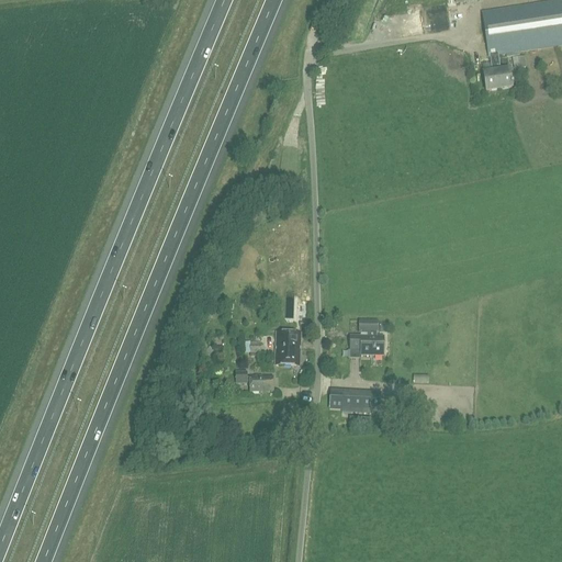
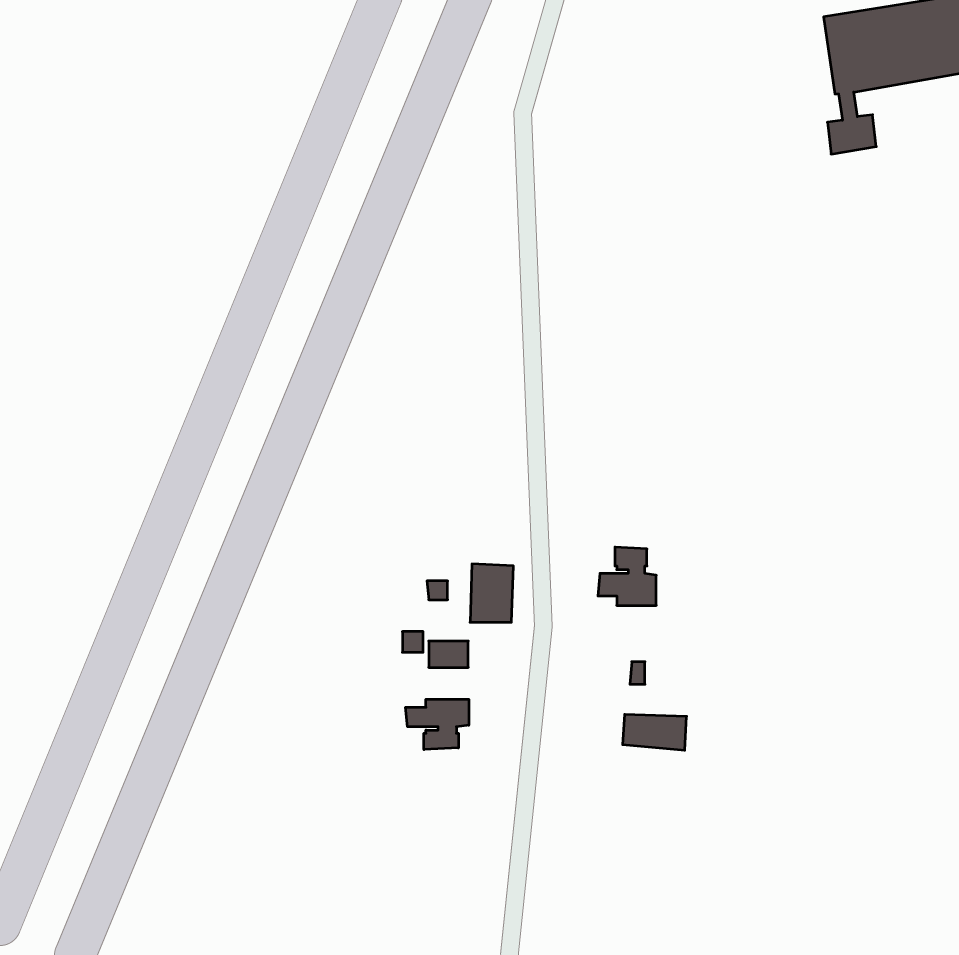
building: [329,390,367,411] -> [623,714,687,750]
building: none -> [406,699,469,750]

